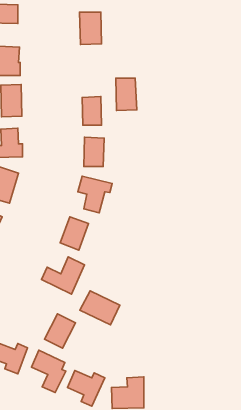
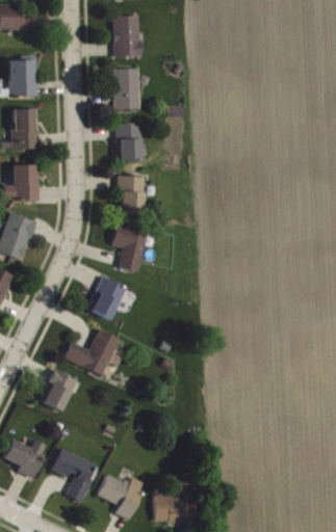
building: [116,78,137,111] -> [112,69,139,110]
building: [80,291,120,325] -> none
building: [45,314,76,348] -> [37,369,77,413]

